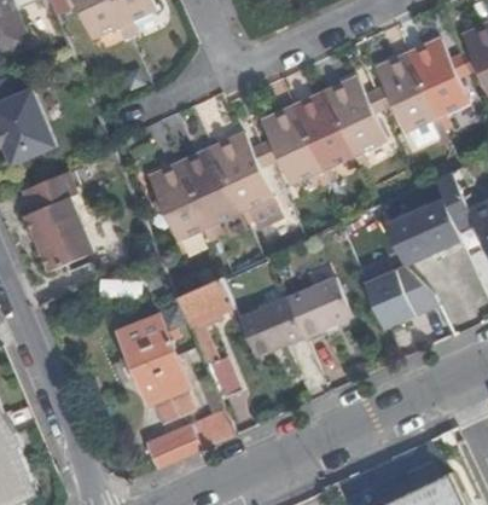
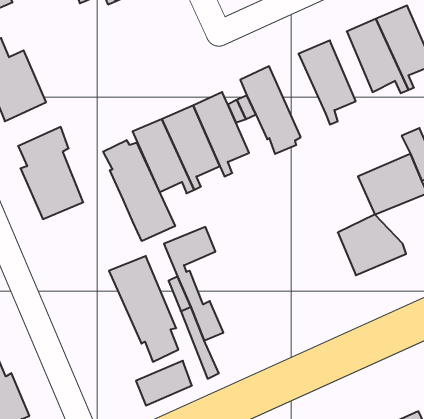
building: [291,91,352,180] -> none
building: none -> [103,140,175,241]
building: [242,278,353,360] -> none

